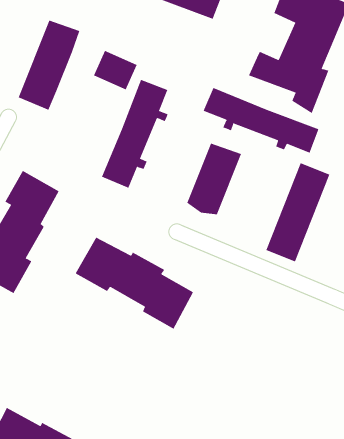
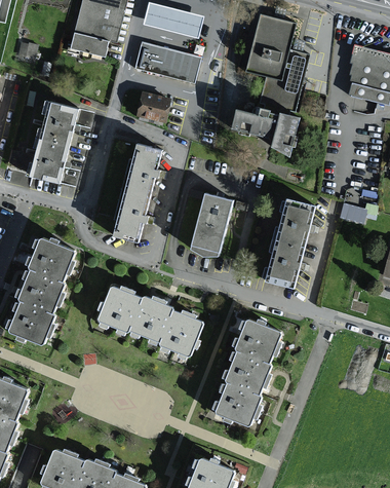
building: [93,50,138,90] -> [133,90,171,123]
building: [203,87,319,154] -> none
building: none -> [213,318,276,425]

